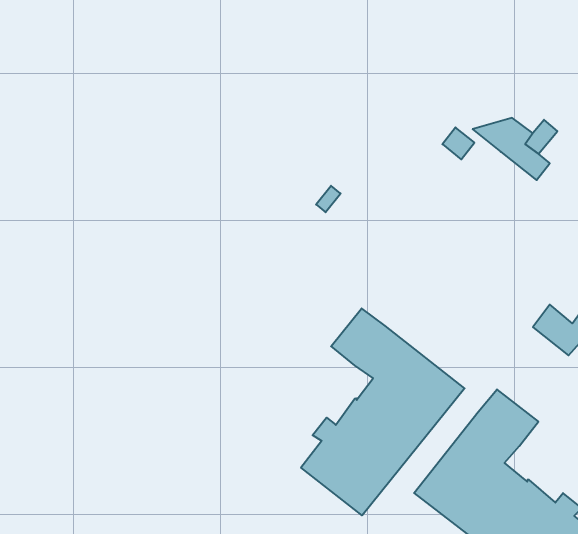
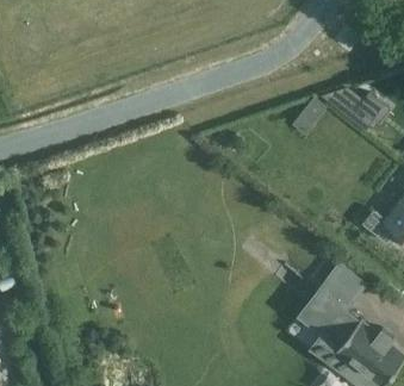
building: [301,308,465,515] -> none

